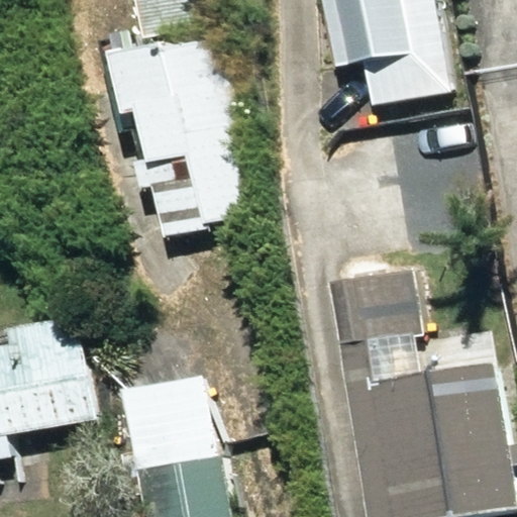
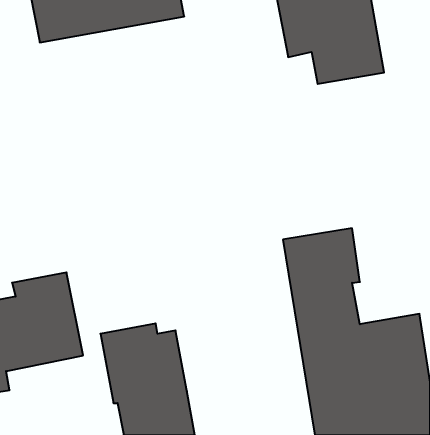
building: [107,40,261,234] -> none

